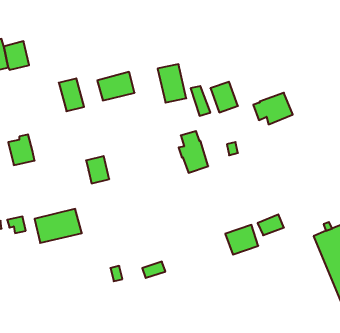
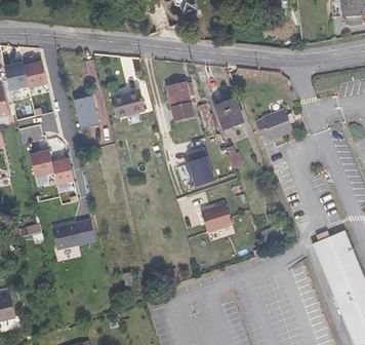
building: [86,156,109,183] -> [50,159,72,185]
building: [225,225,258,255] -> [199,203,230,231]

